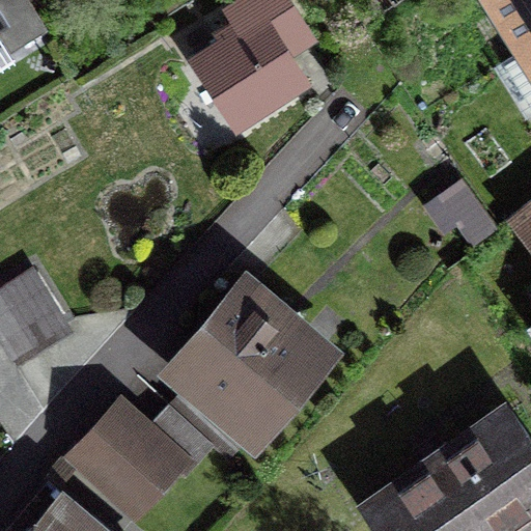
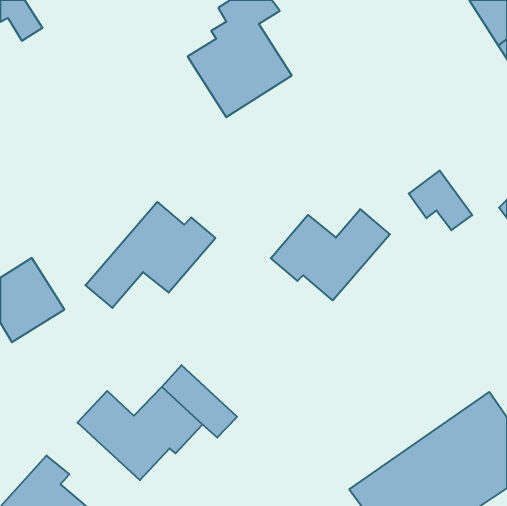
building: none -> [85,202,215,308]
building: none -> [271,209,390,300]
building: [180,290,319,429] -> none

